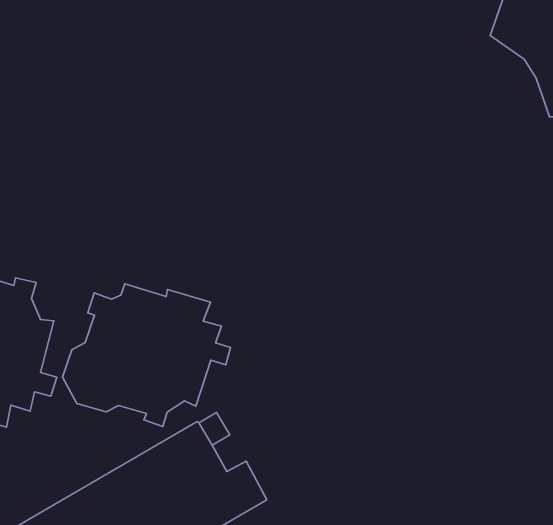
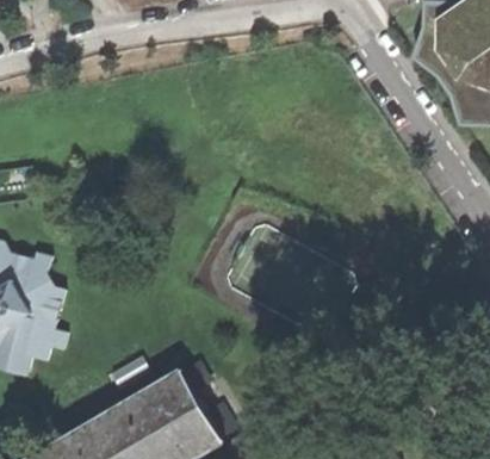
building: [62,284,231,427] -> none

